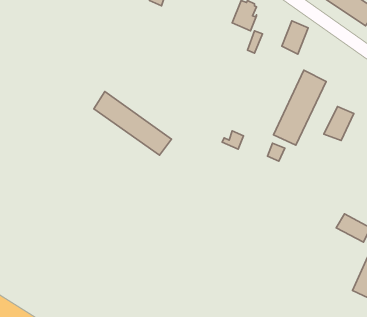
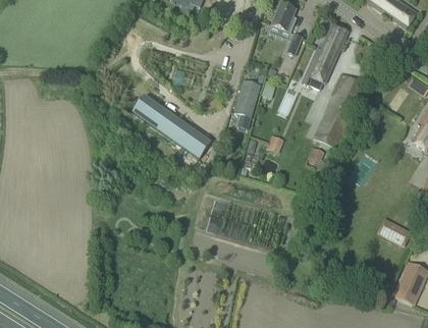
building: none -> [303,47,337,88]
building: none -> [232,78,261,138]
building: [324,106,354,141] -> none

